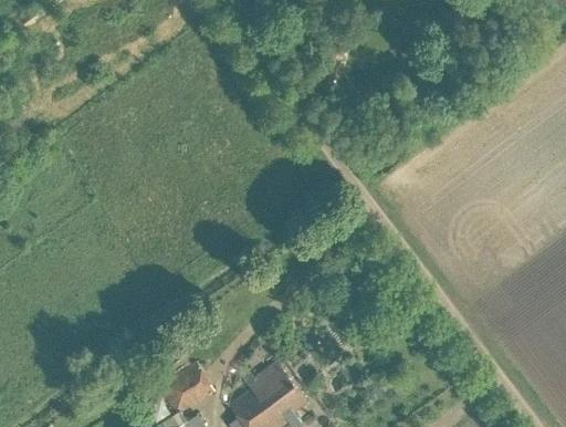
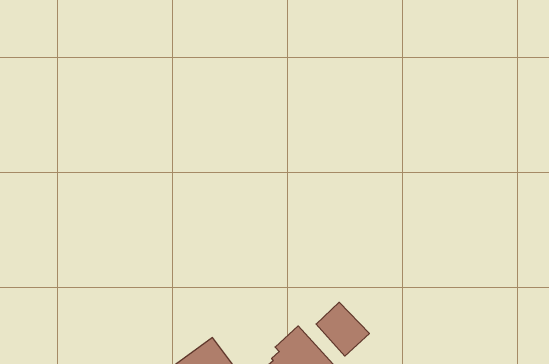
building: none -> [316,302,369,356]

